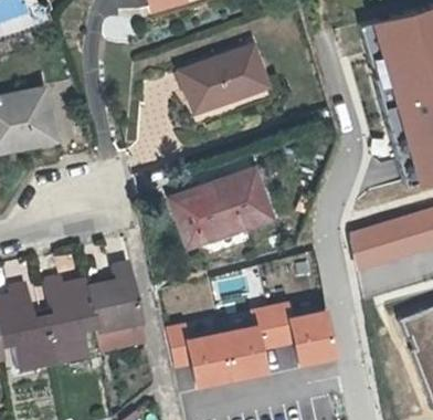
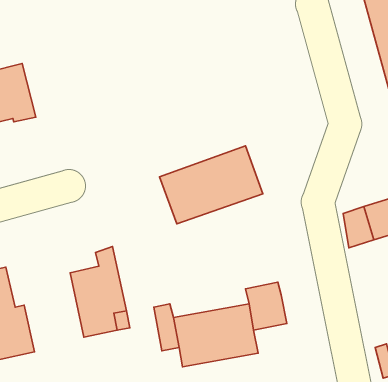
building: [182,48,267,111] -> none
building: [44,282,103,368] -> none
building: [292,304,339,358] -> none

